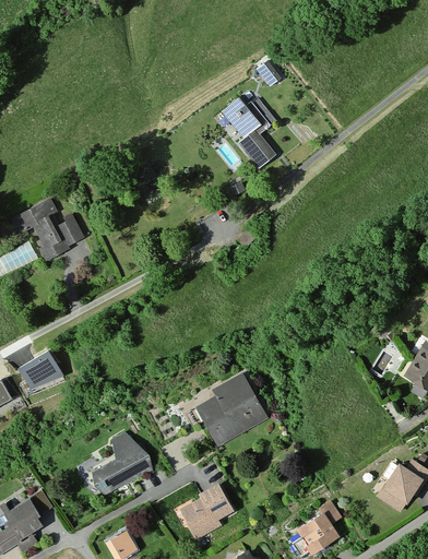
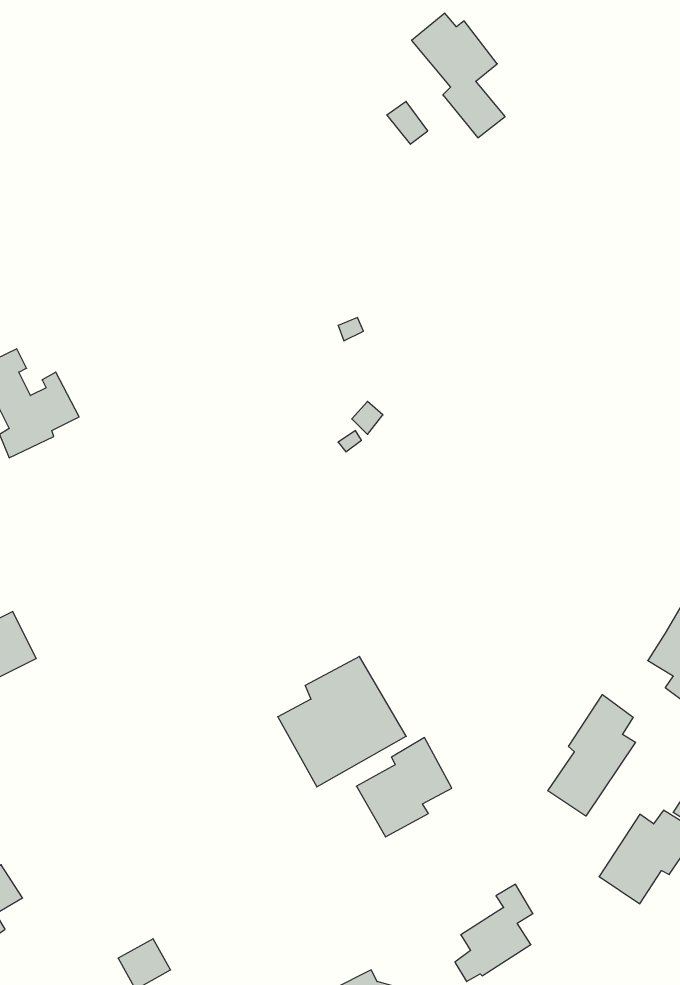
building: [221,97,273,167] -> [412,13,505,138]
building: none -> [548,695,636,816]
building: [92,432,152,496] -> none
building: [179,483,233,538] -> [356,738,452,837]

